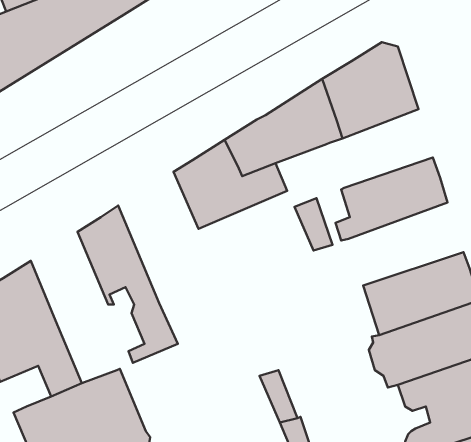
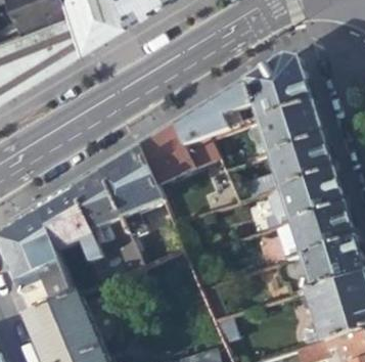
building: none -> [245,103,321,159]
building: none -> [100,147,164,239]
building: none -> [259,169,343,230]
building: none -> [39,189,110,286]

